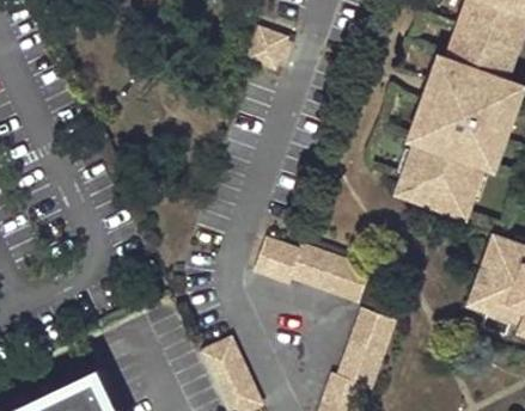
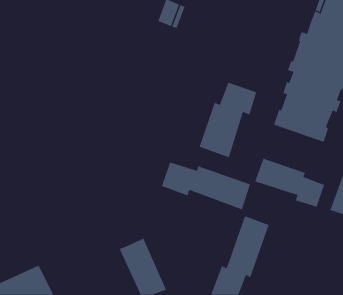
building: none -> [199,82,257,158]
building: none -> [254,158,325,207]

